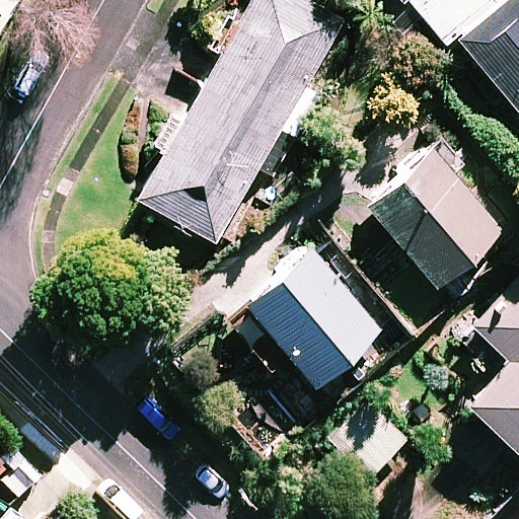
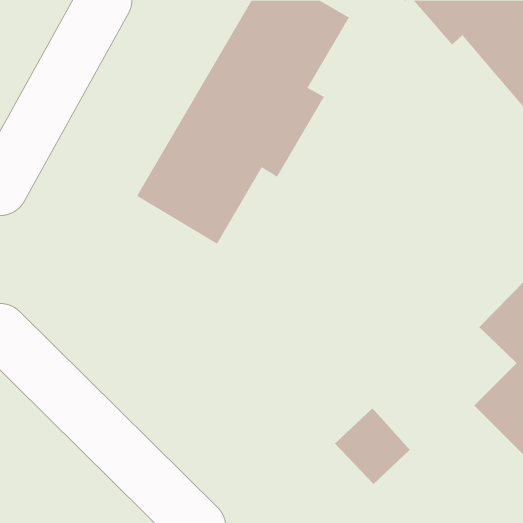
building: [366,147,503,303] -> none
building: [223,241,382,387] -> none

